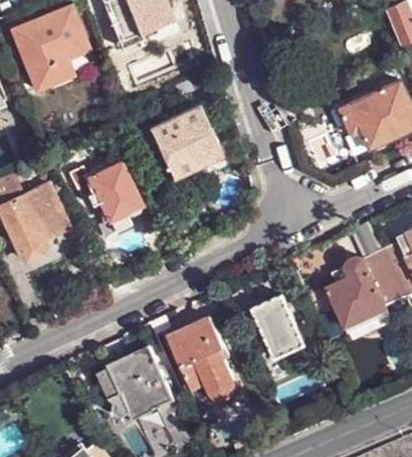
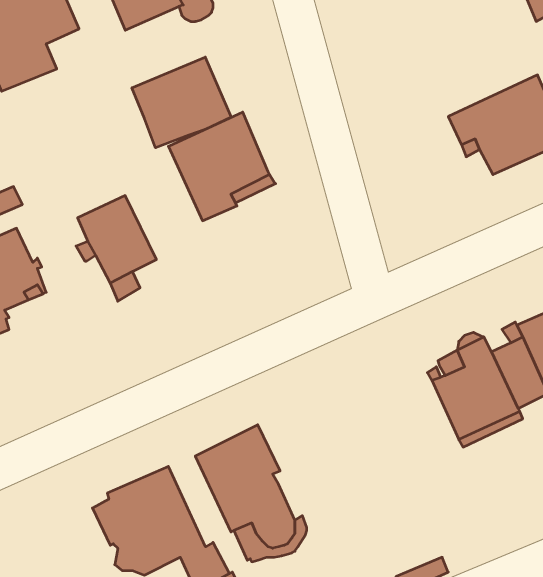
building: none -> [132,57,231,148]
building: [253,294,306,357] -> none

